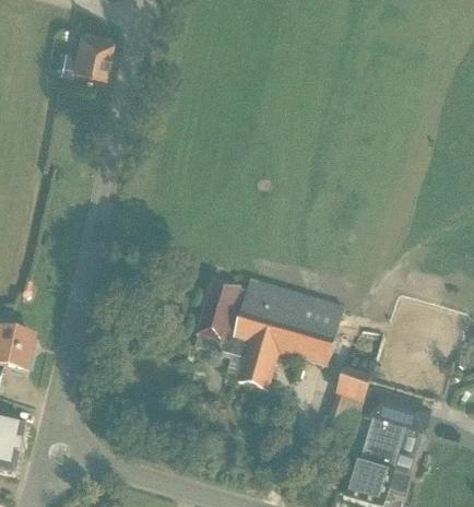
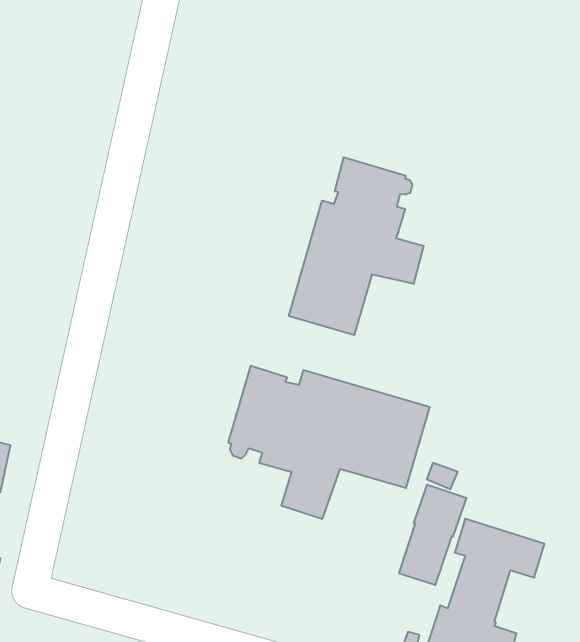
building: [61,25,114,69] -> none
building: none -> [289,157,424,335]

